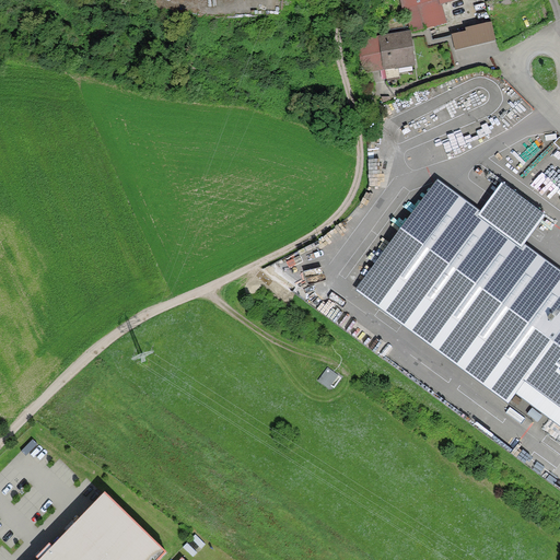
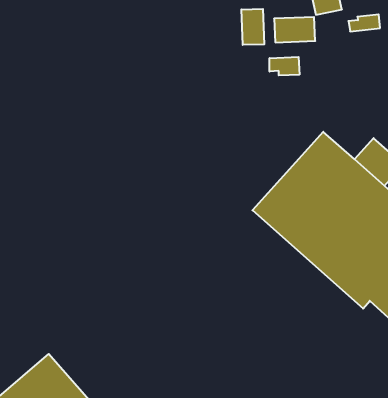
building: none -> [241,9,264,45]
building: none -> [270,57,299,75]

